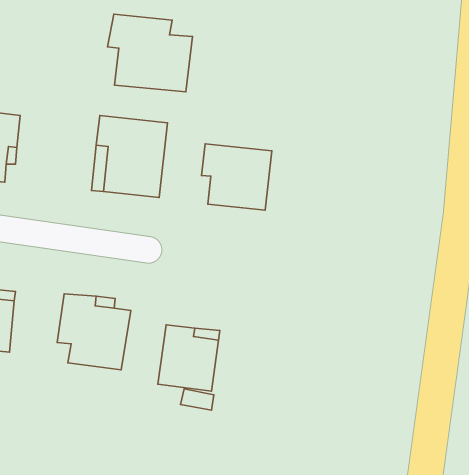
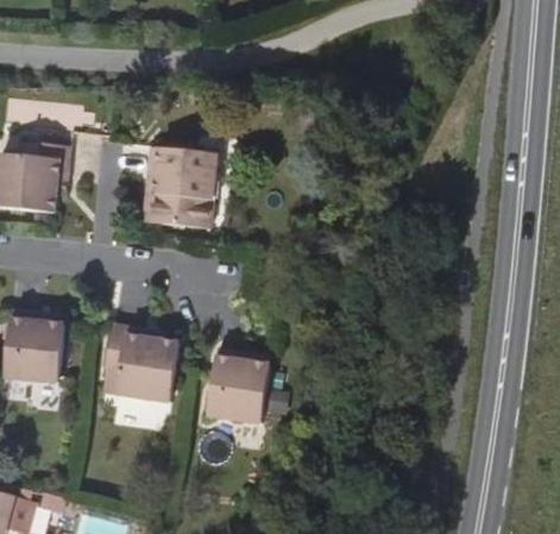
building: [108,14,192,92] -> none
building: [201,144,272,210] -> none

